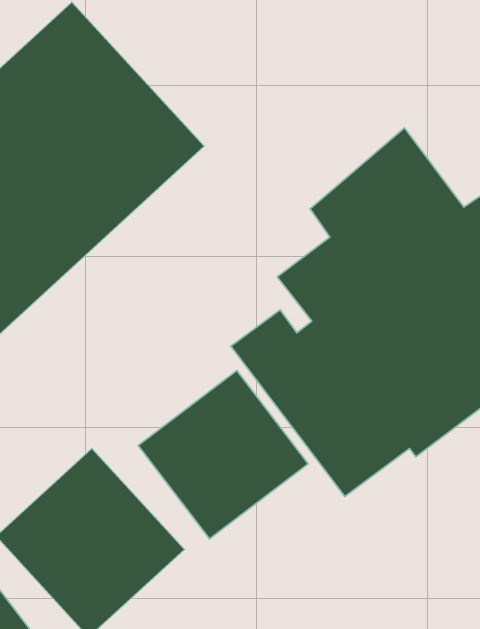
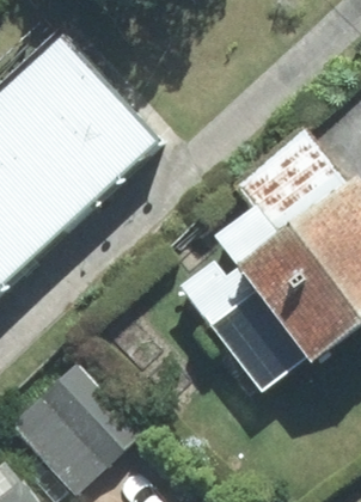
building: [138,370,308,539] -> none

